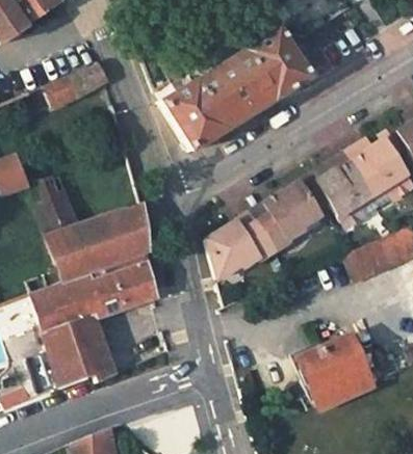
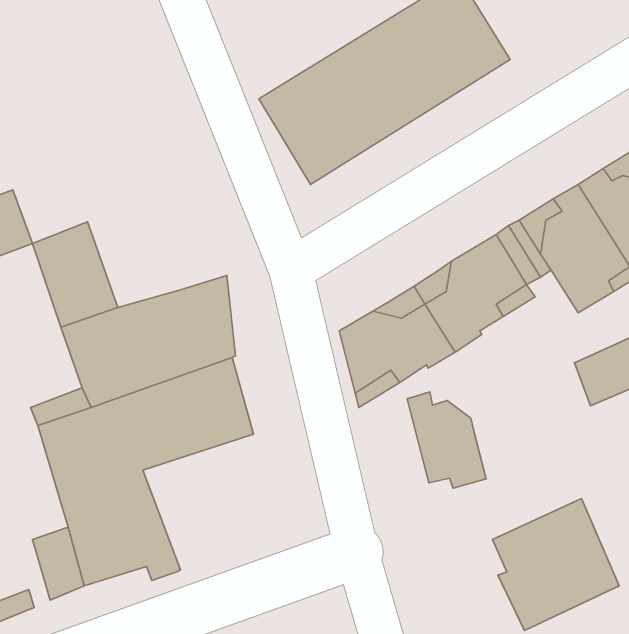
building: [48,65,107,107] -> none
building: none -> [407,392,486,488]

